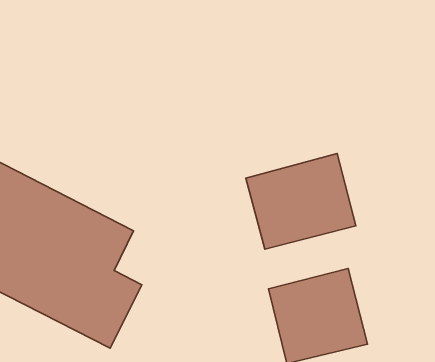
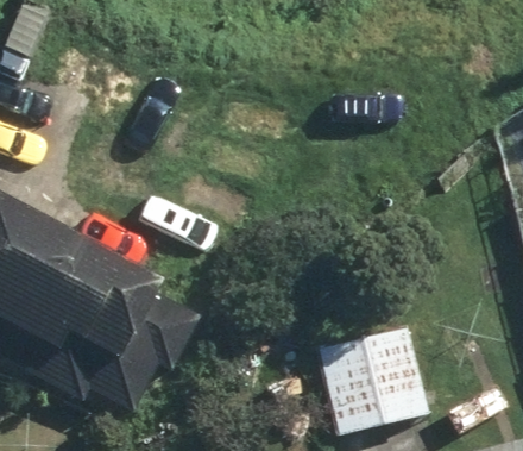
building: [246,154,356,249] -> none

